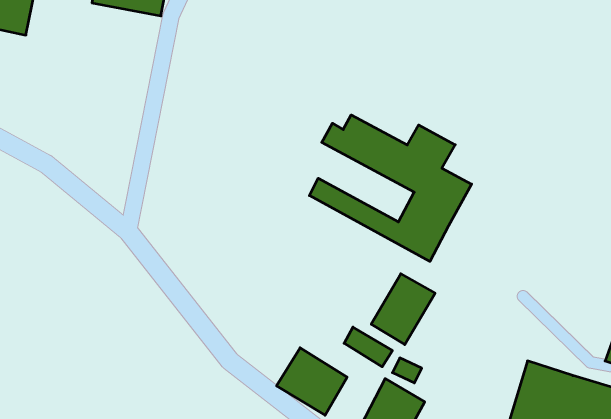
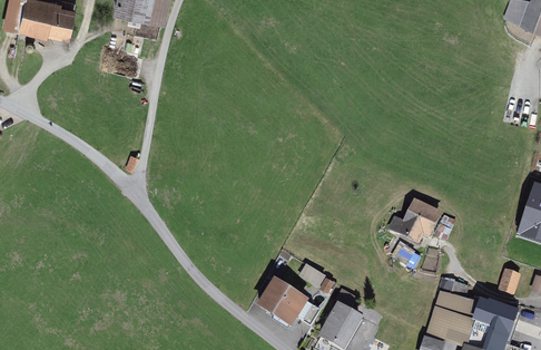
building: [309,115,472,261] -> none
building: none -> [401,198,439,237]
building: [371,274,435,345] -> none

